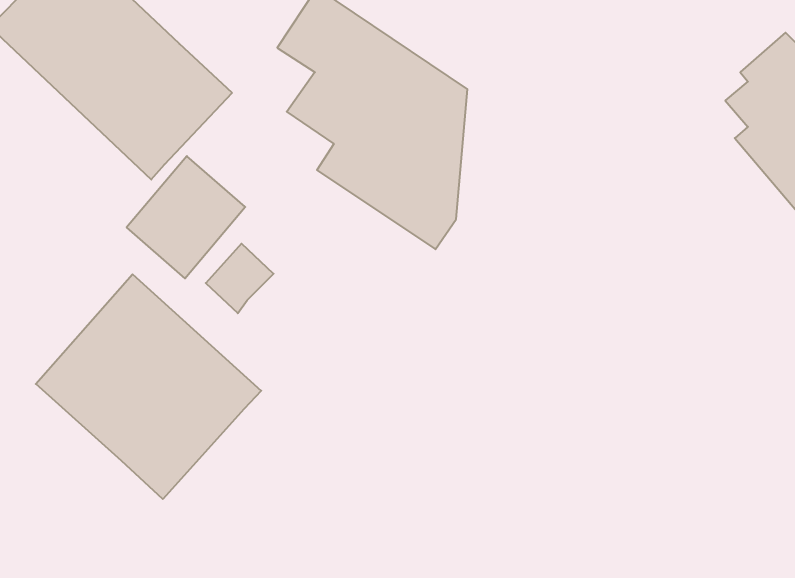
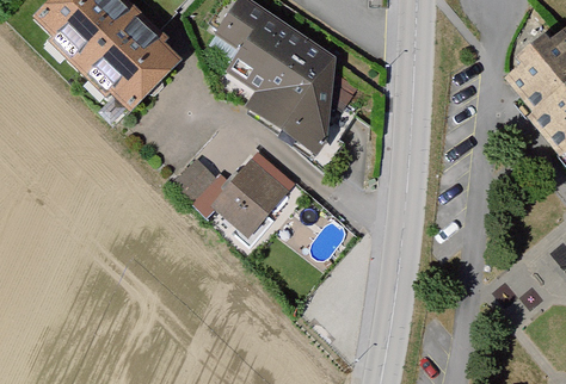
building: [127,156,245,278] -> [213,160,288,237]
building: [36,274,261,499] -> none

